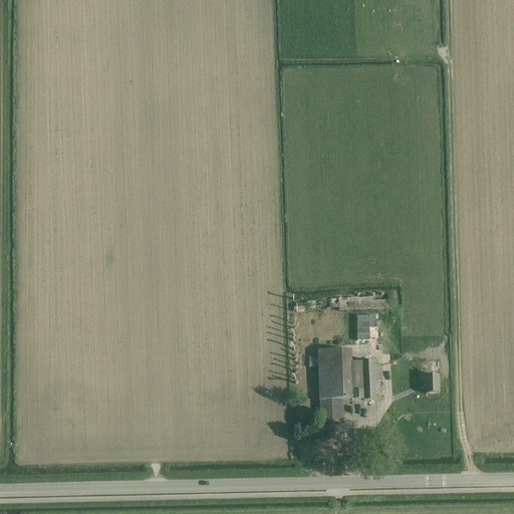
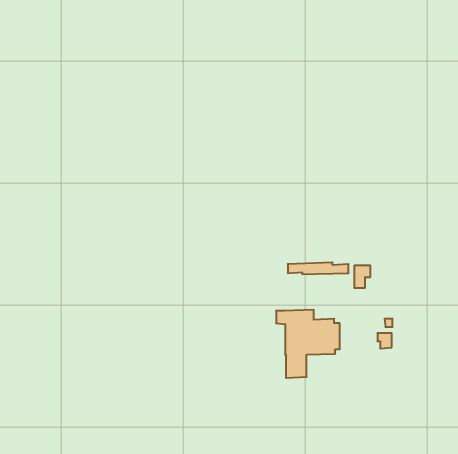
building: [357,312,375,337] -> [354,266,370,288]

